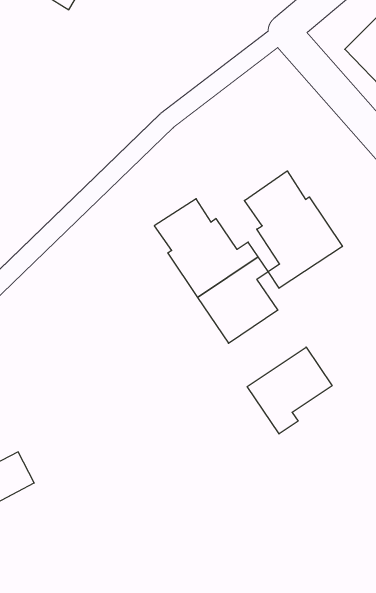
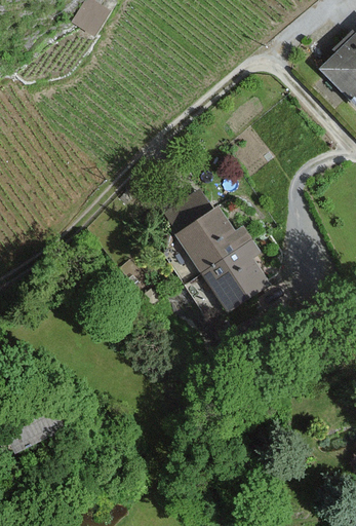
building: [244,171,342,288] -> none
building: [247,347,332,434] -> none

